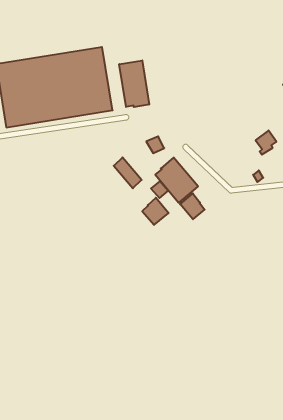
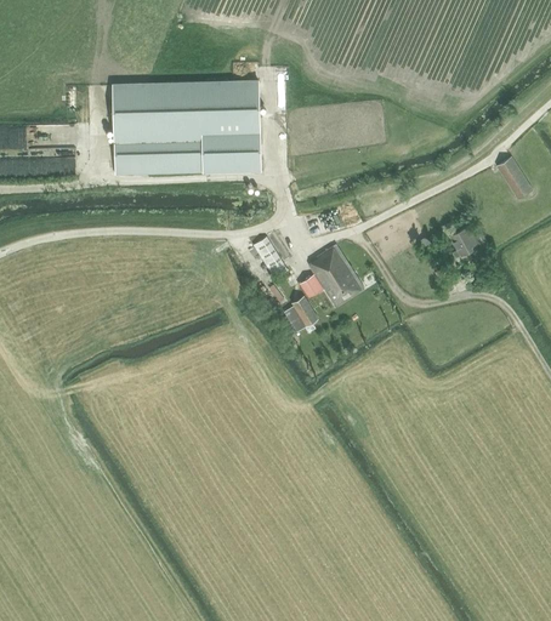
building: [119,60,149,107] -> none
building: [180,193,205,219] -> none

